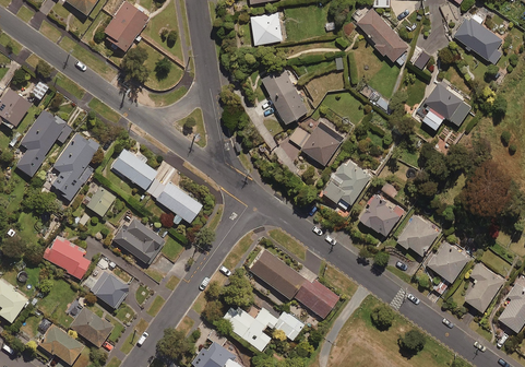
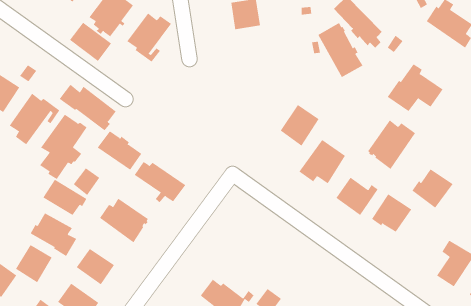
building: none -> [126,13,172,62]
building: none -> [69,22,112,62]
building: [261,67,309,125] -> [317,22,364,78]
building: none -> [59,84,117,131]
building: none -> [367,120,416,170]
building: none -> [43,179,87,216]
building: [426,240,469,282] -> [411,169,453,208]
building: [249,250,337,318] -> none
building: none -> [15,244,52,283]

